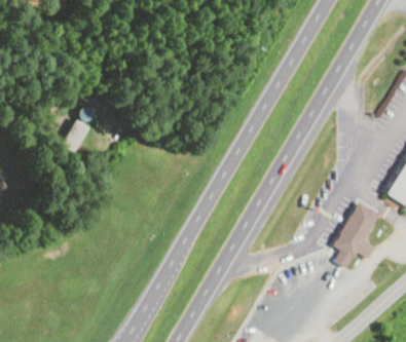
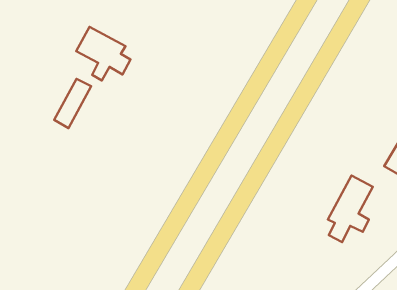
building: none -> [76,27,131,81]

